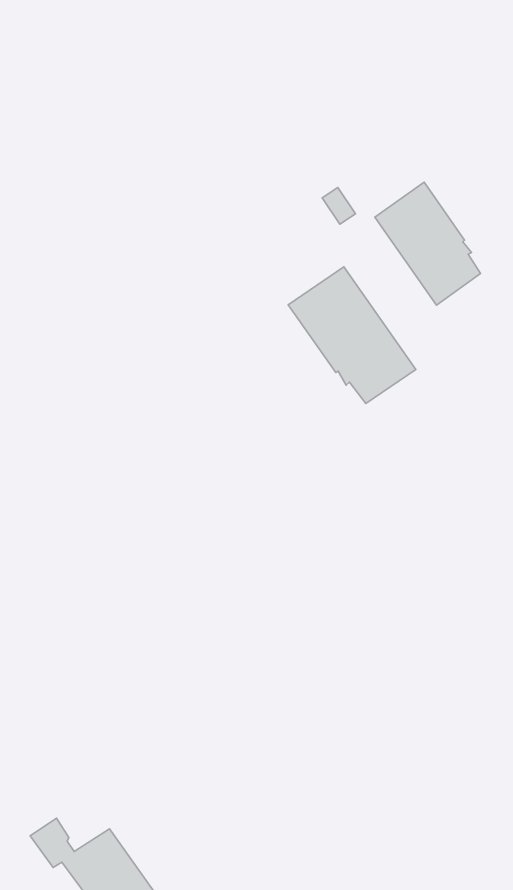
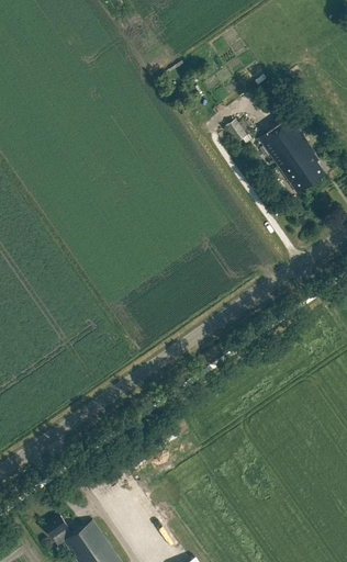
building: [288,267,416,403] -> none

